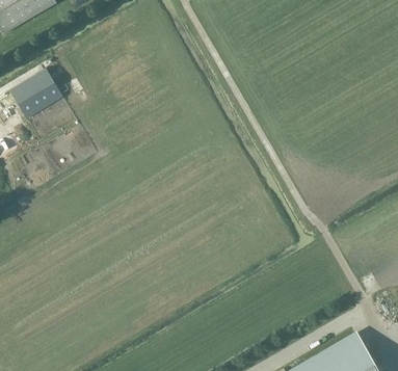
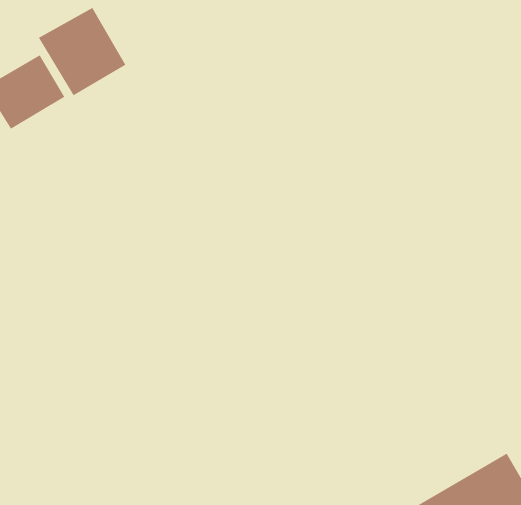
building: none -> [38,7,126,96]

